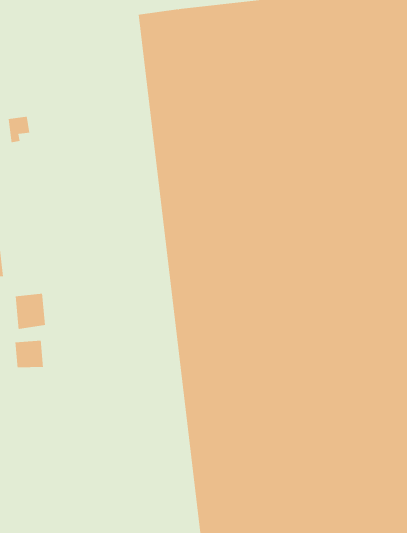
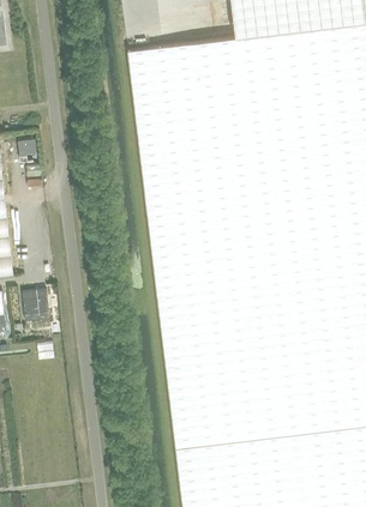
building: [15,340,44,368] -> none

